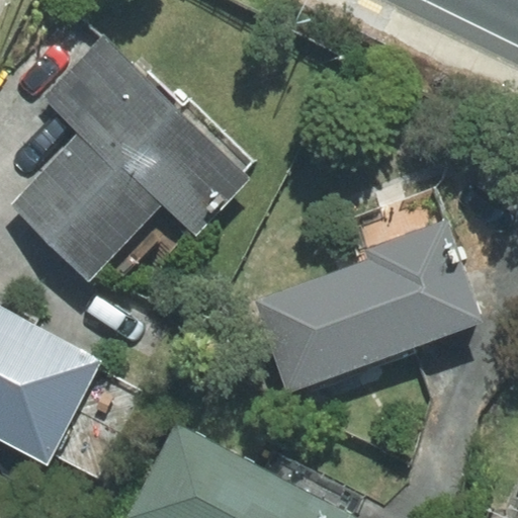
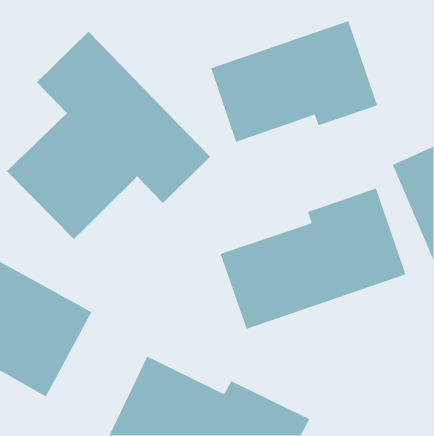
building: none -> [210,20,378,143]

